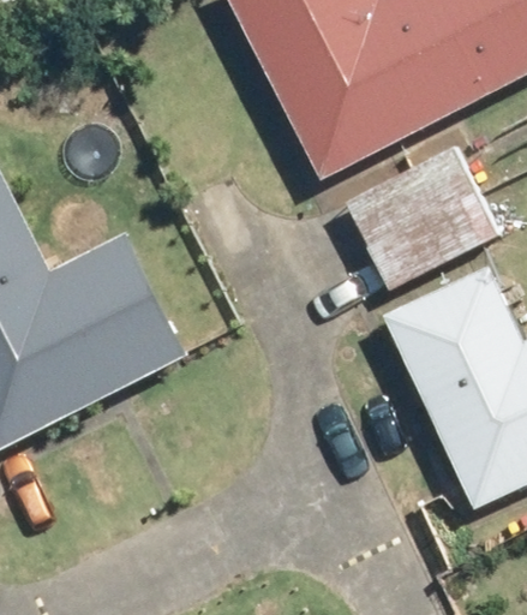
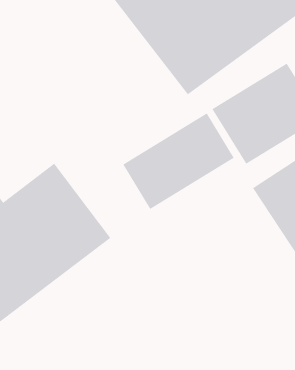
building: none -> [123,113,234,210]

